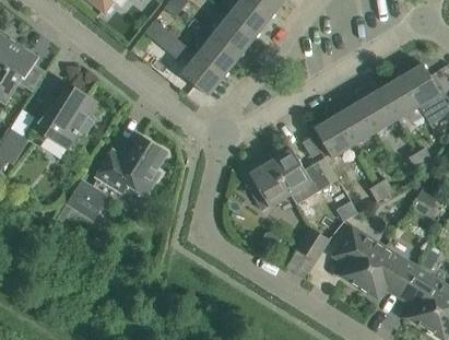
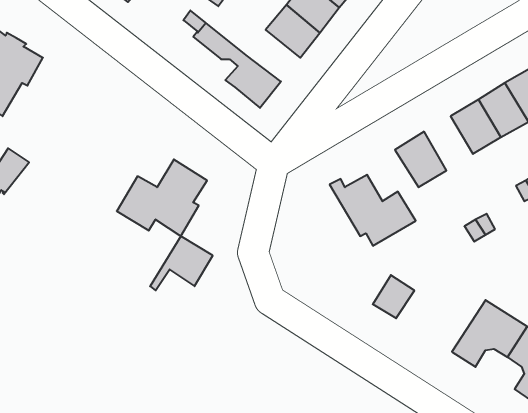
building: [197,34,239,74] -> none
building: [34,87,96,149] -> none
building: [336,102,375,144] -> none
building: [241,155,286,209] -> none
building: [57,179,106,222] -> [150,236,213,290]
building: [332,225,385,286] -> none

